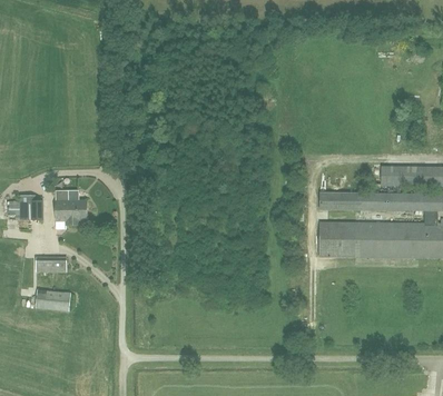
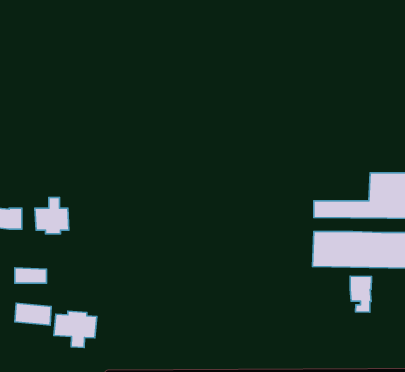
building: none -> [350,276,371,312]
building: none -> [54,311,97,348]

